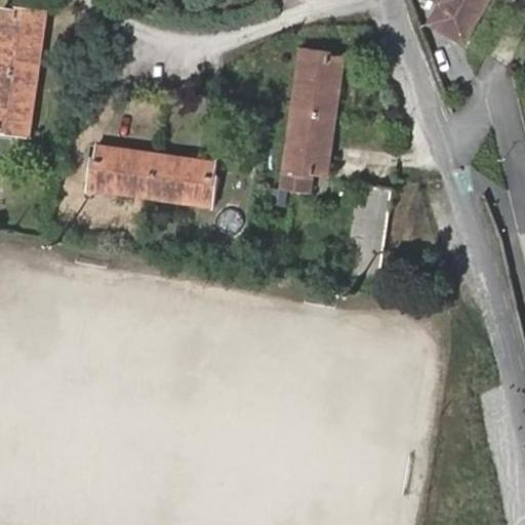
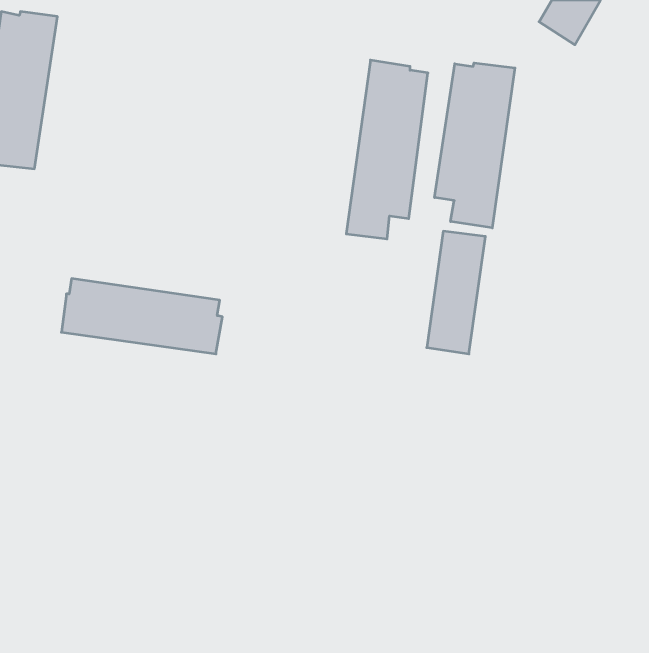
building: none -> [435,63,515,228]
building: [87,146,216,206] -> [61,279,222,354]

